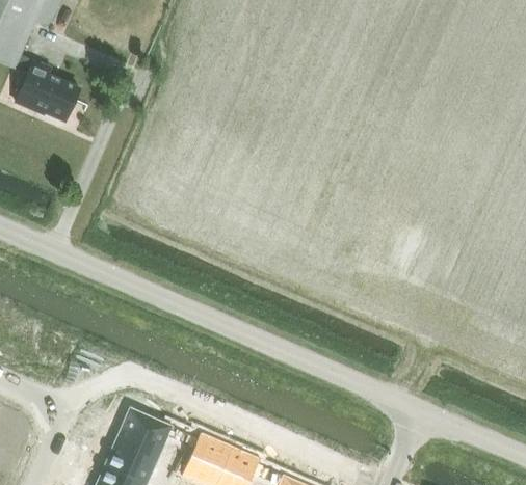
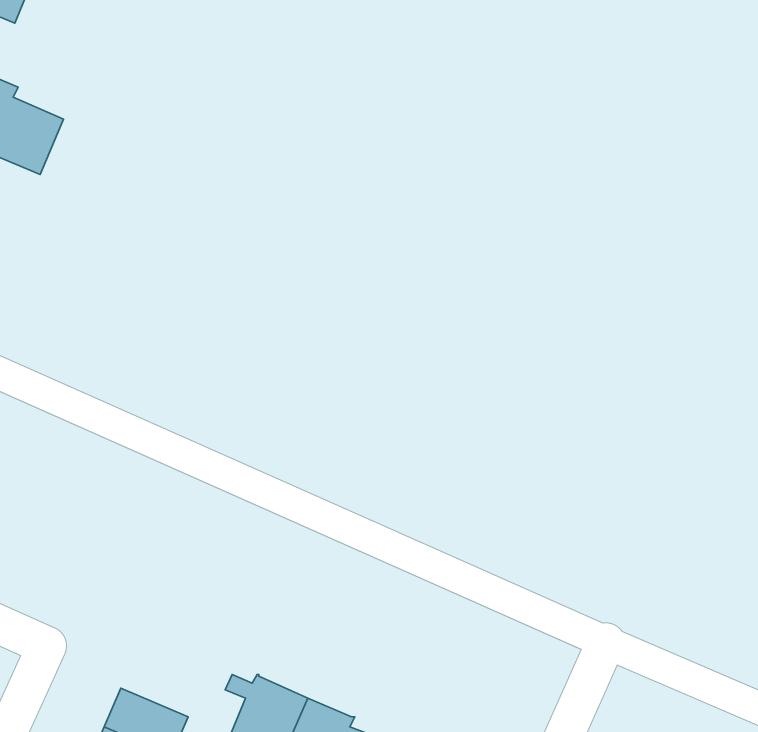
building: [116,408,185,458] -> none

